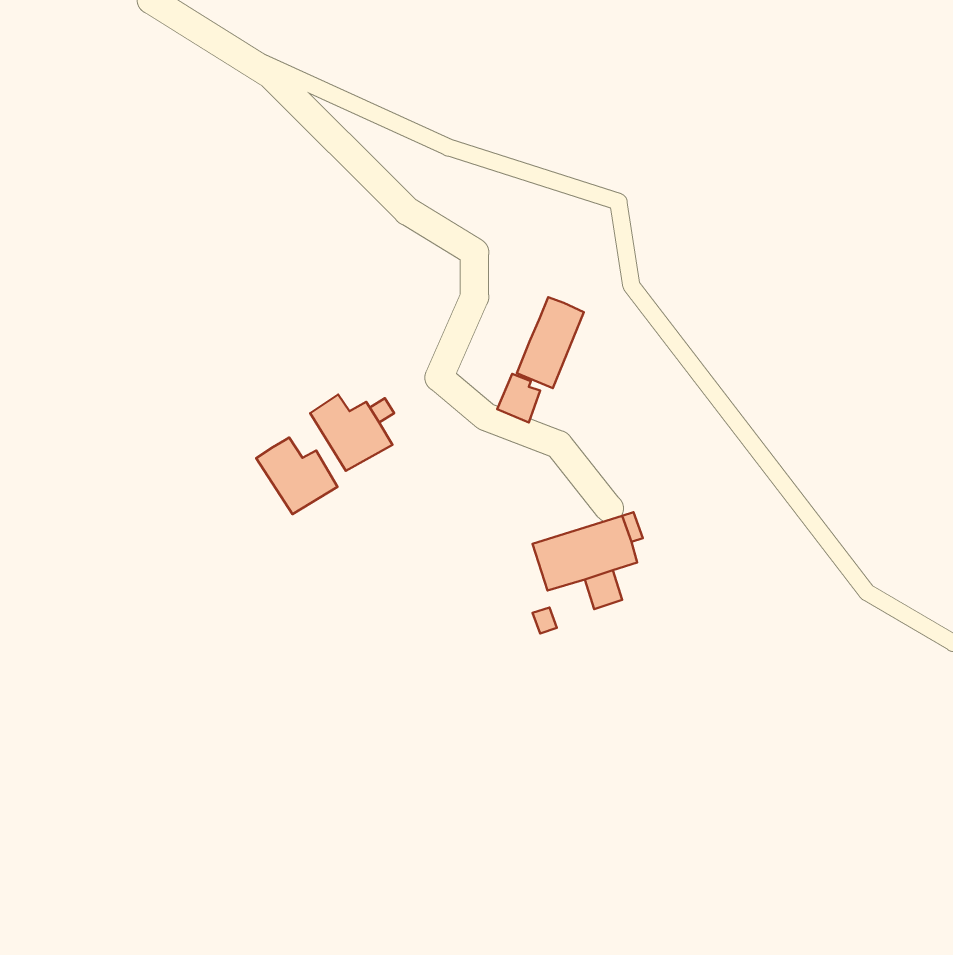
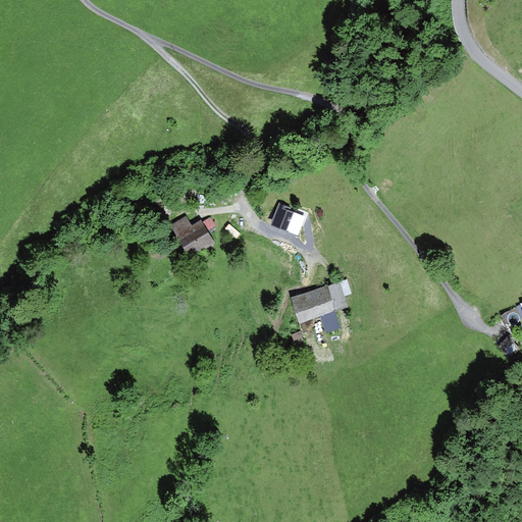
building: [517,297,584,388] -> none
building: [256,438,337,514] -> none

